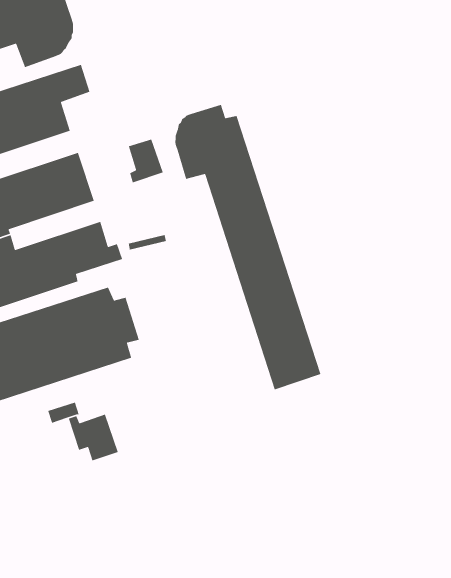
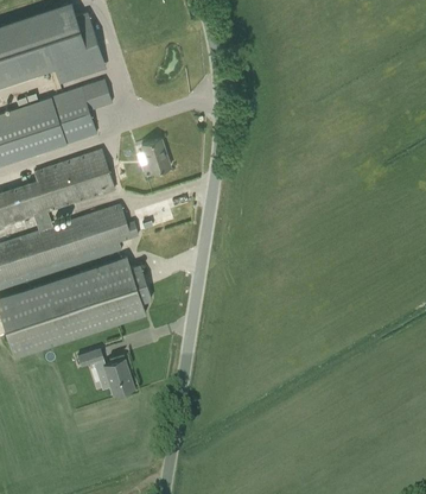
building: [175,104,321,391] -> none

